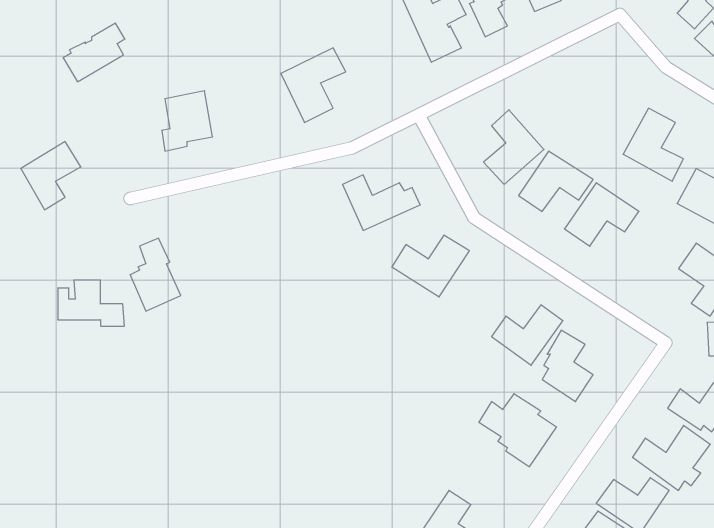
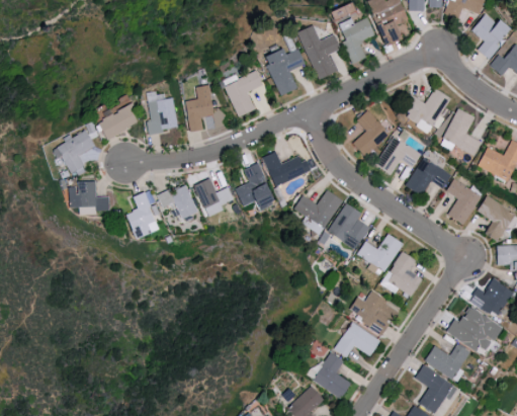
building: none -> [264,48,306,96]
building: [63,23,125,82] -> [99,101,139,139]
building: none -> [185,84,216,131]
building: none -> [400,86,451,127]
building: none -> [235,161,276,211]
building: none -> [194,178,235,217]
building: none -> [446,178,481,225]
building: none -> [157,183,198,219]
building: none -> [327,202,369,250]
building: [58,280,124,326] -> [68,182,110,212]
building: none -> [334,320,381,356]

